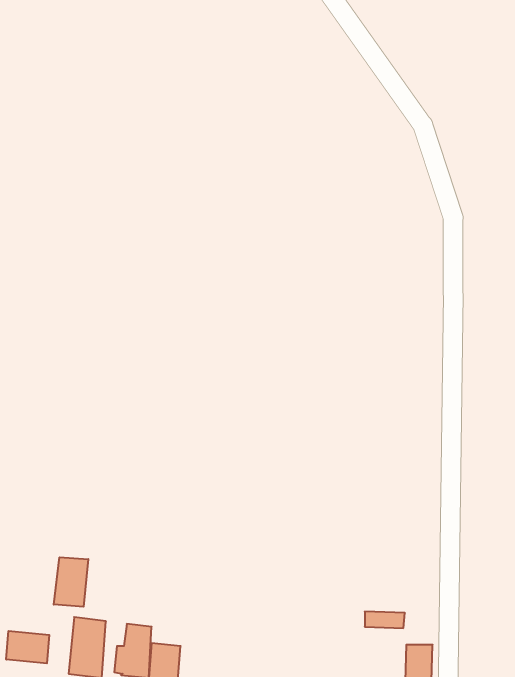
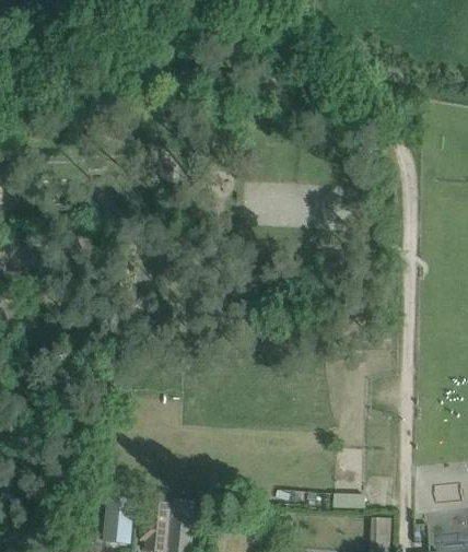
building: [54,557,88,607] -> none
building: [6,631,49,663] -> none

